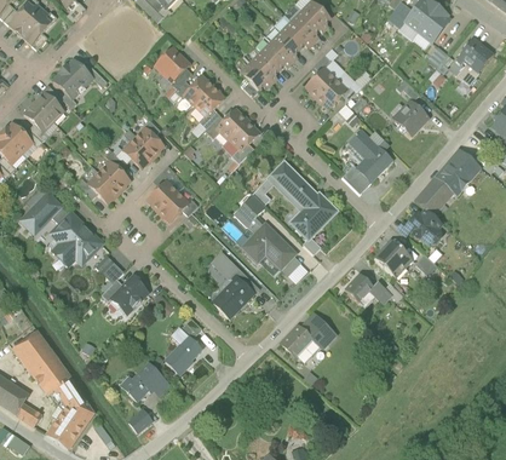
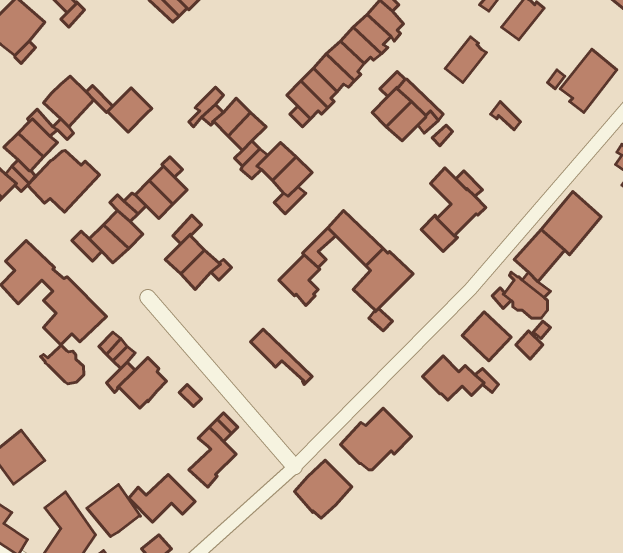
building: [418,7,449,42] -> [445,37,486,83]
building: [155,48,189,82] -> [107,88,152,132]
building: [393,102,427,134] -> none
building: none -> [28,150,100,212]
building: [242,224,298,274] -> none
building: none -> [41,345,84,384]
building: [213,277,253,318] -> none
building: none -> [294,460,352,518]
building: [30,353,71,393] -> [87,484,141,537]

